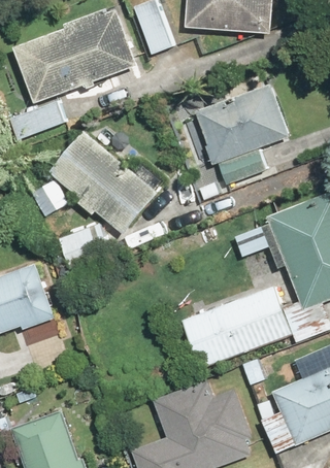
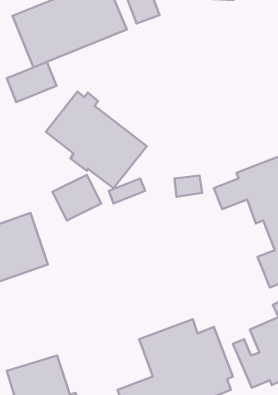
building: [194,80,289,185] -> none
building: [183,286,290,369] -> none

